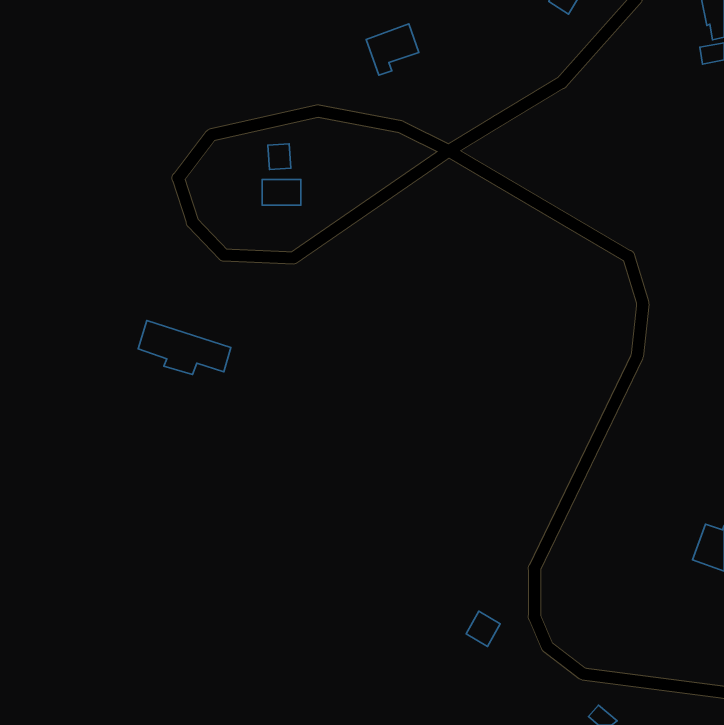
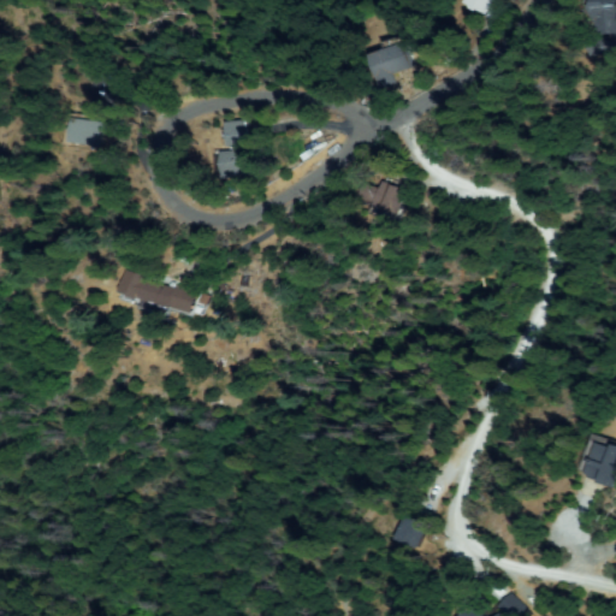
building: [366,24,419,75] -> [366,42,410,85]
building: none -> [69,116,100,146]
building: none -> [359,180,403,214]

